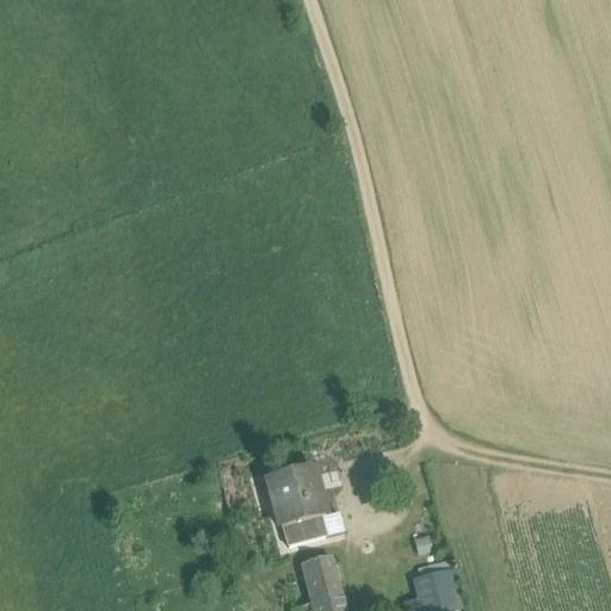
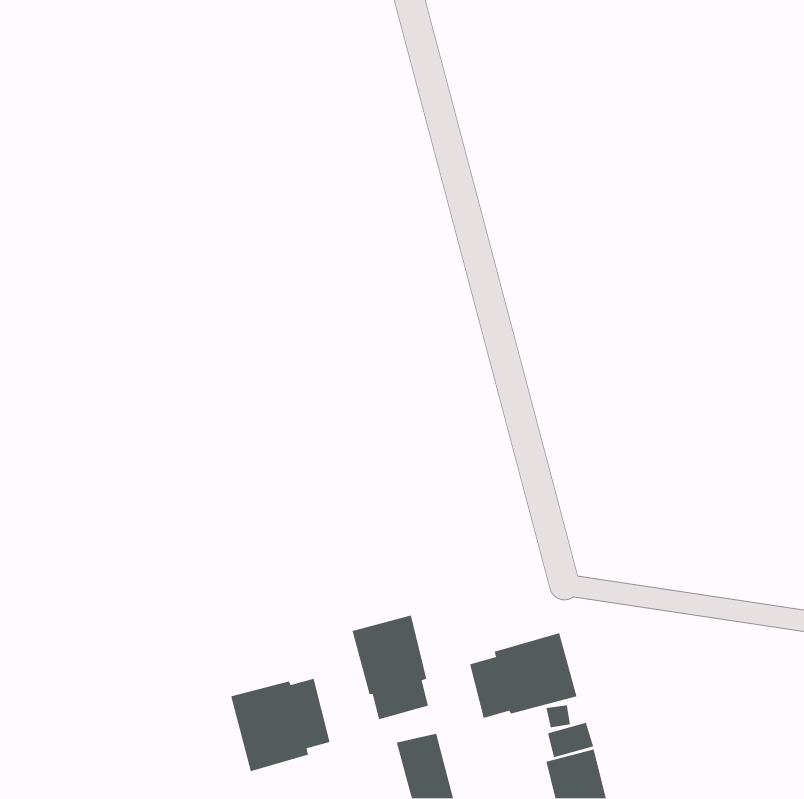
building: none -> [469,632,577,719]
building: none -> [230,678,331,772]

